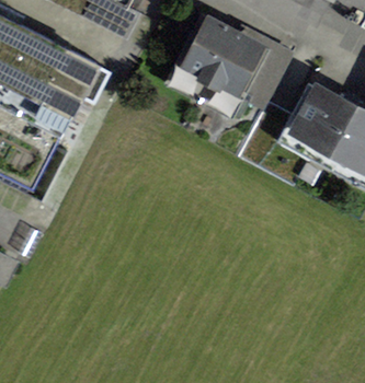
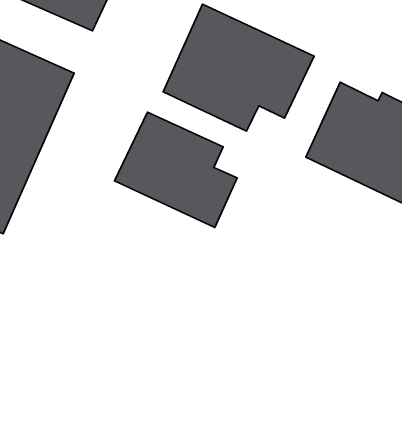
building: none -> [114,112,237,228]

